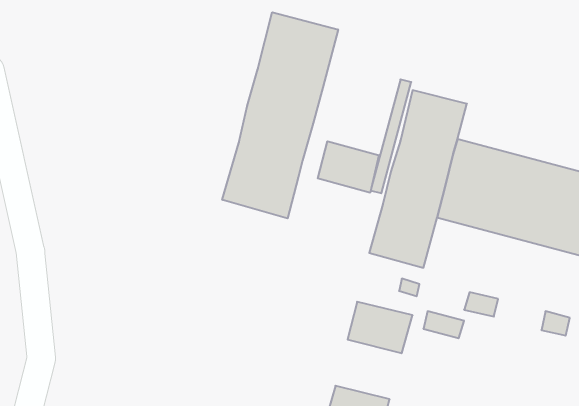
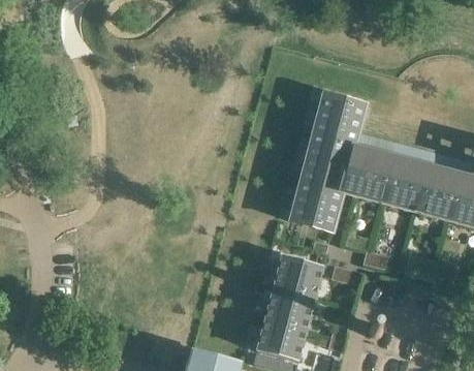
building: [222,12,338,218] -> none
building: [318,141,379,193] -> none
building: none -> [265,286,316,332]

